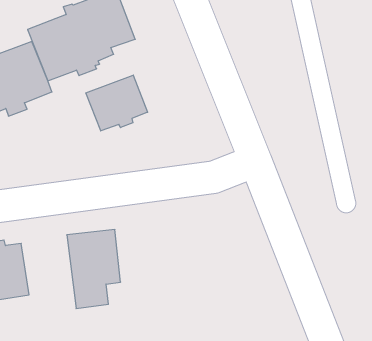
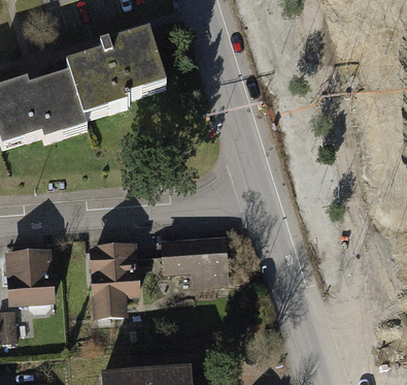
building: [86,75,148,131] -> none
building: none -> [166,237,231,288]

